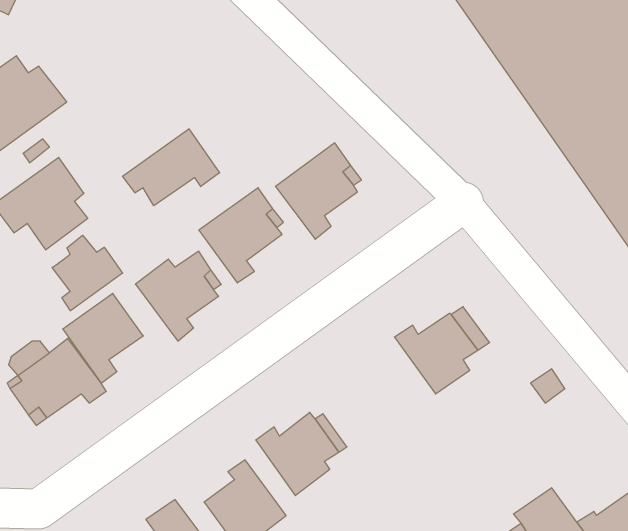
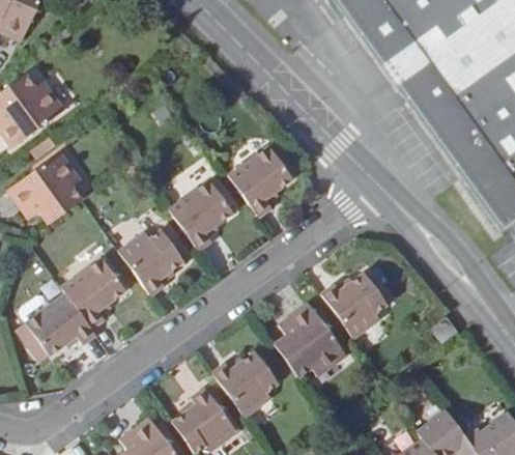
building: [123,129,220,206] -> none
building: [52,235,123,311] -> none
building: none -> [275,304,346,377]

